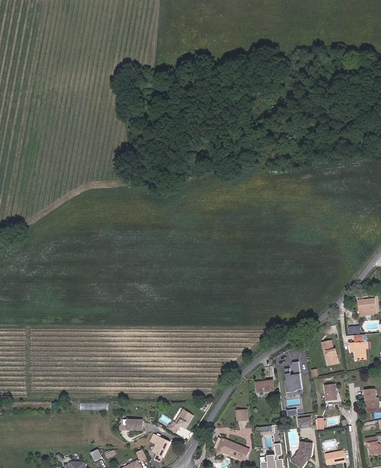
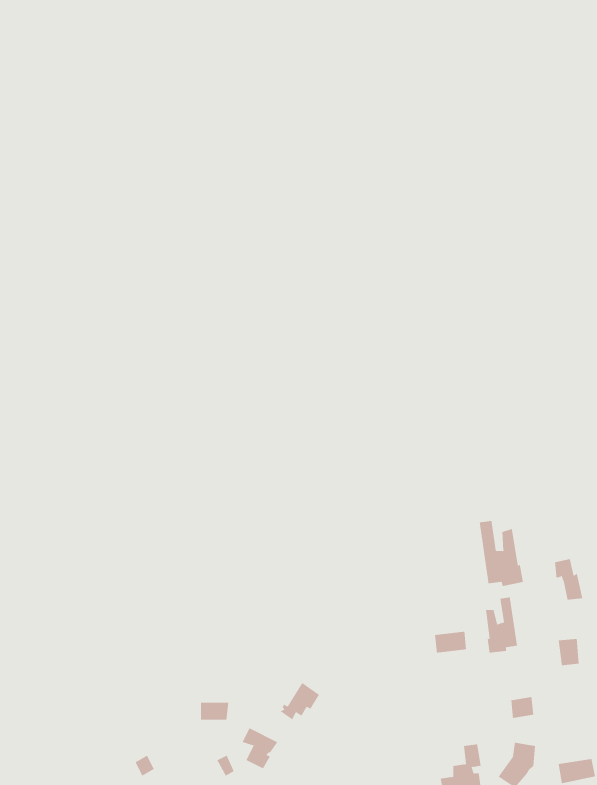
building: none -> [479,520,523,587]
building: [214,436,249,460] -> none

